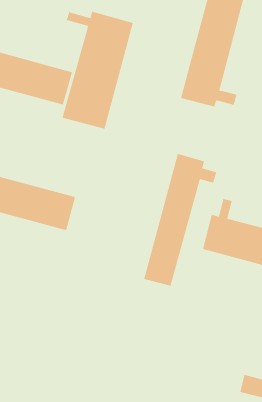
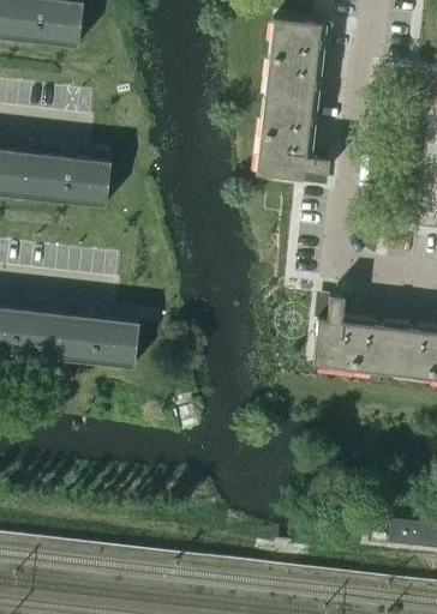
building: [62,11,134,129] -> none
building: [144,153,217,287] -> none

